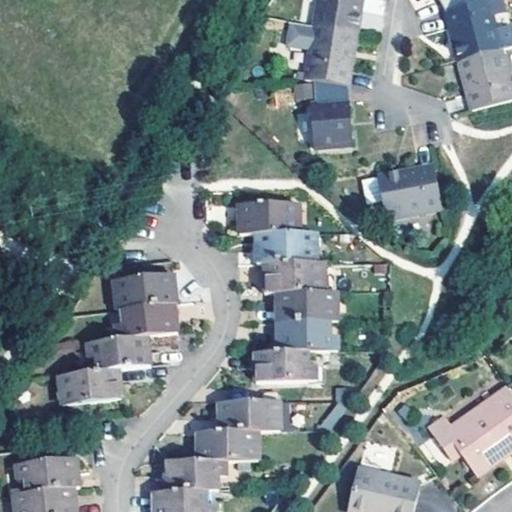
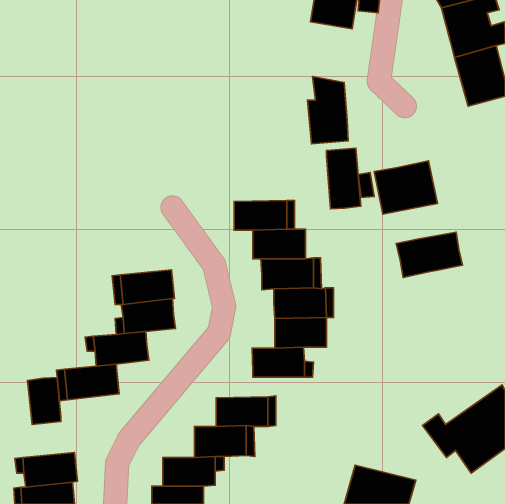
building: [289,19,355,83] -> none
building: none -> [326,148,361,209]
building: none -> [396,232,463,277]
building: none -> [28,377,61,424]

